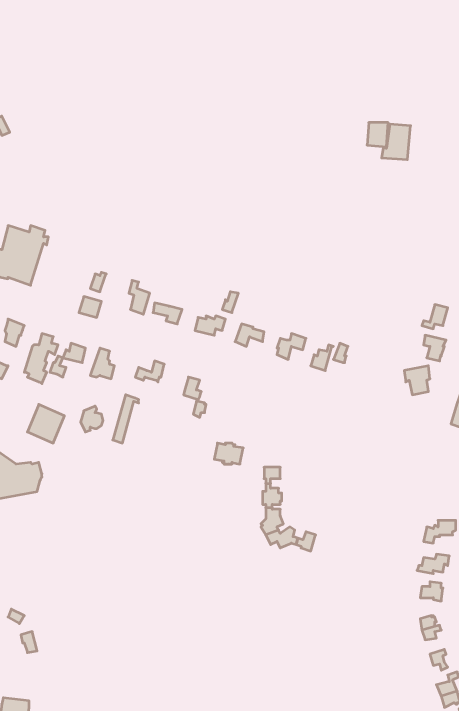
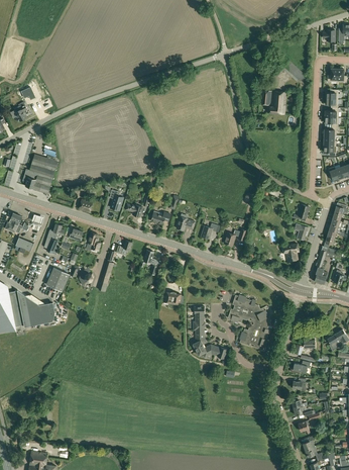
building: none -> [228,295,271,351]

